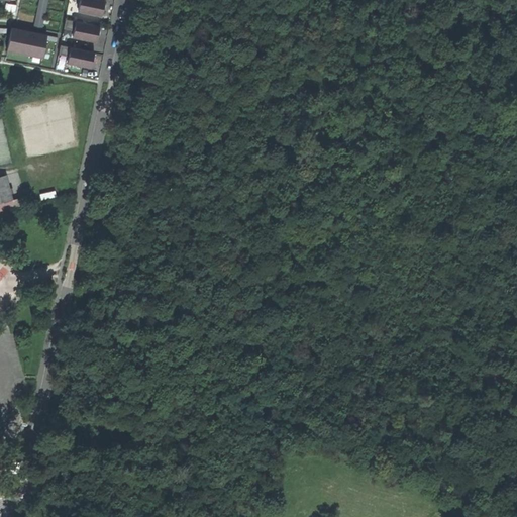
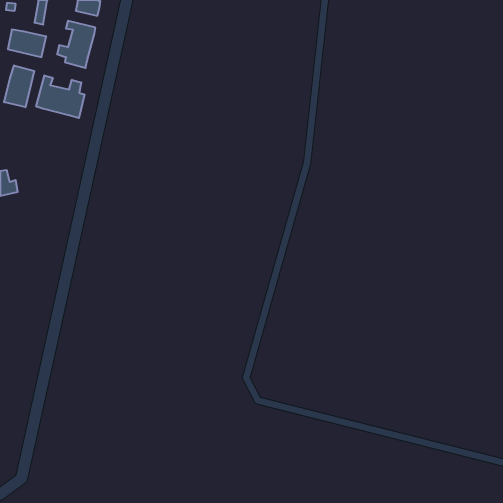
building: none -> [4,65,34,107]
building: none -> [36,75,84,118]

